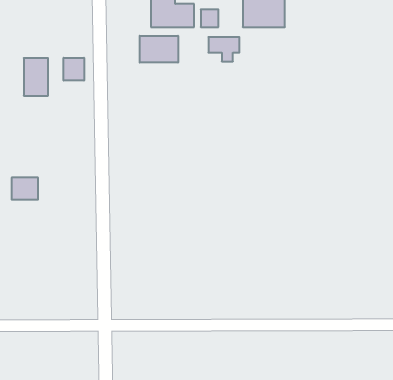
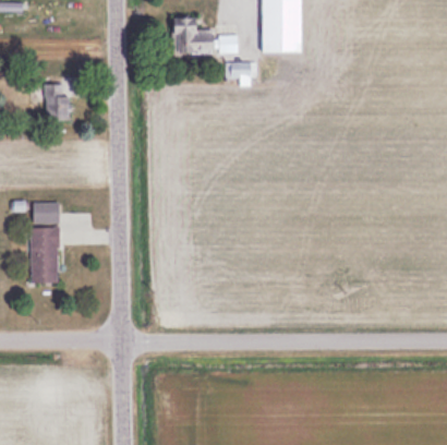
building: [140,36,178,63] -> none
building: [64,58,84,81] -> none
building: none -> [29,226,57,282]

